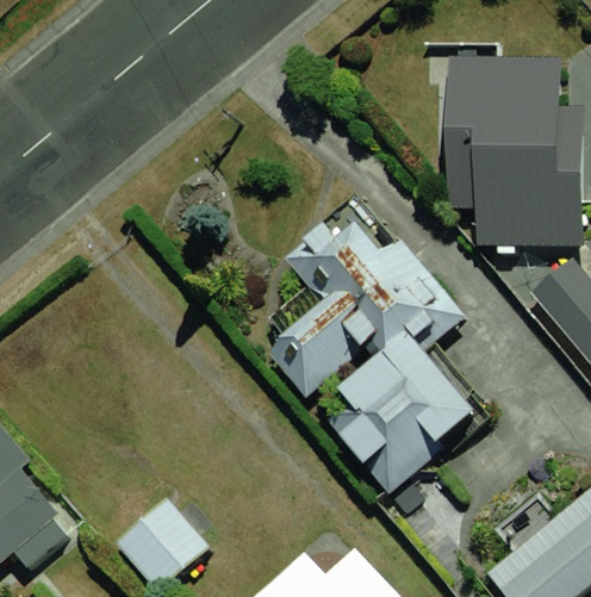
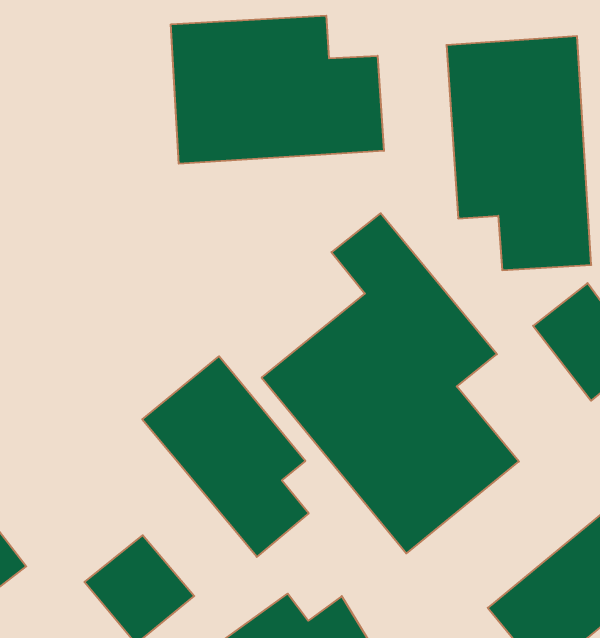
building: none -> [171,16,384,164]
building: none -> [142,356,309,557]

